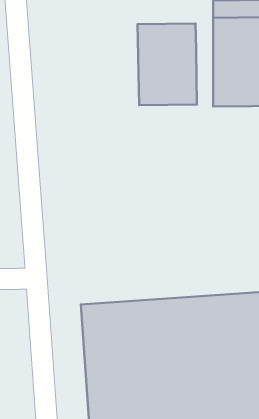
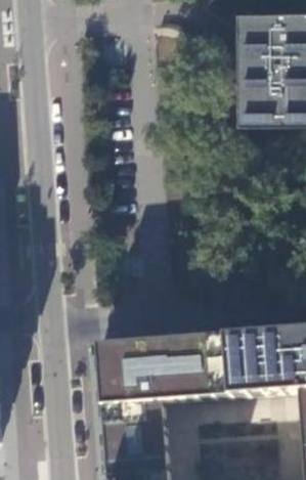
building: [137,23,197,105] -> none

